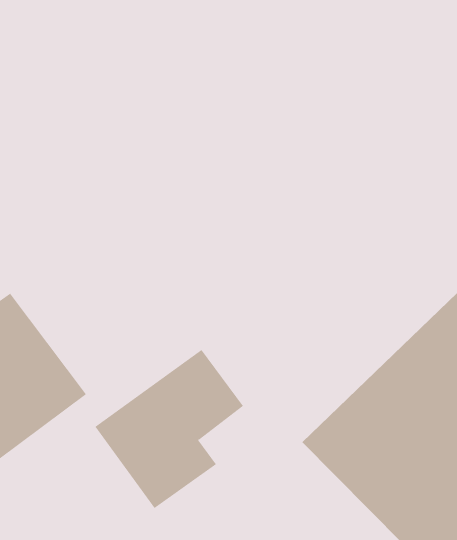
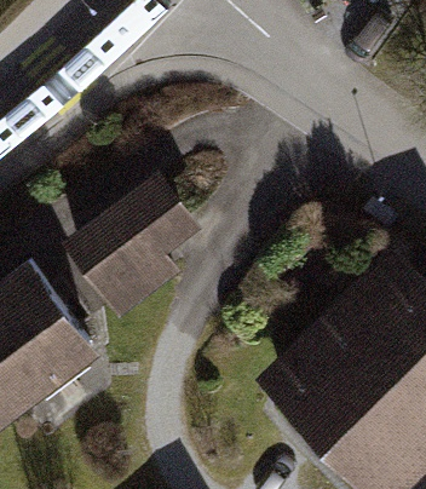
building: [95,349,244,509] -> [76,192,197,322]

